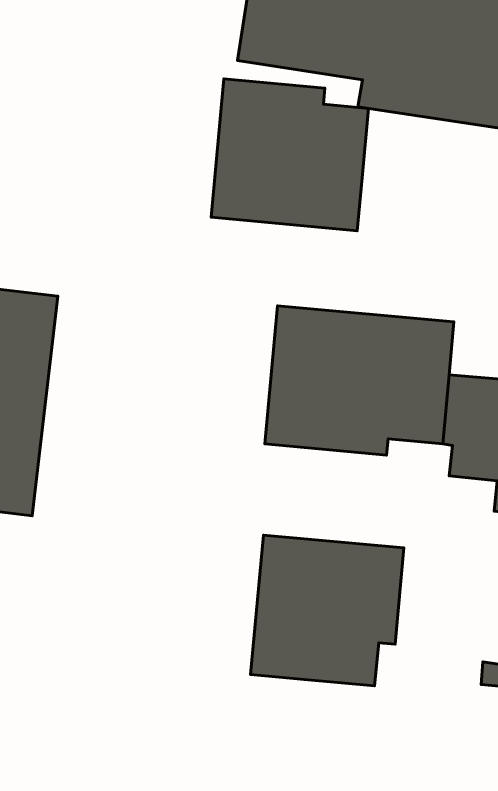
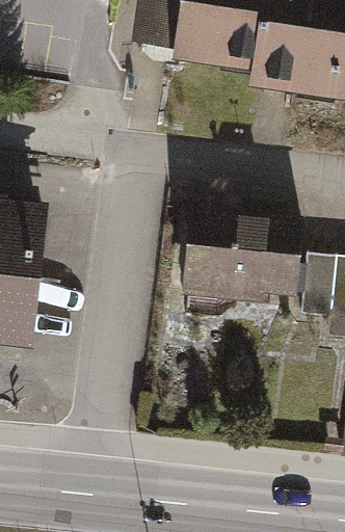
building: [211,79,369,231] -> none
building: [250,535,404,686] -> none

